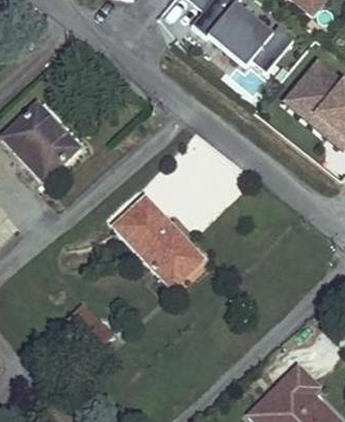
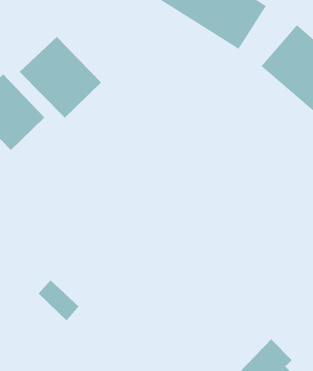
building: none -> [19,36,102,118]
building: [113,194,204,286] -> none

